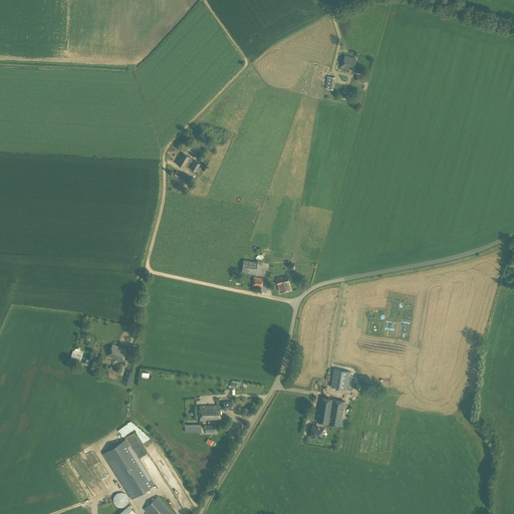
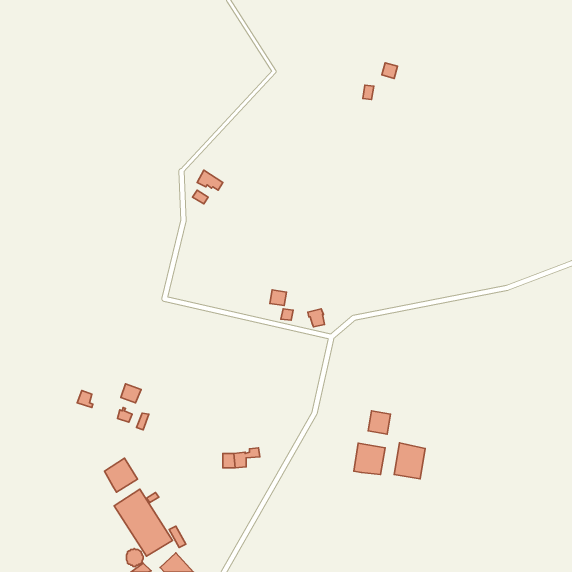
building: none -> [394,443,425,479]
building: none -> [104,458,138,492]

